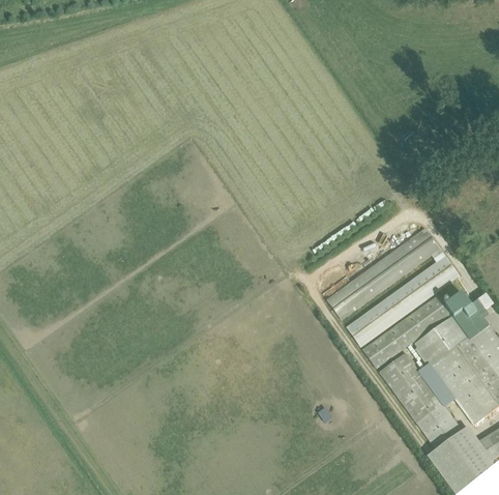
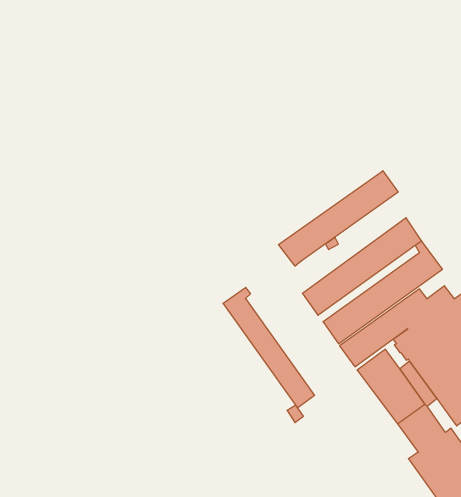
building: none -> [279,171,398,266]
building: none -> [223,287,315,408]

